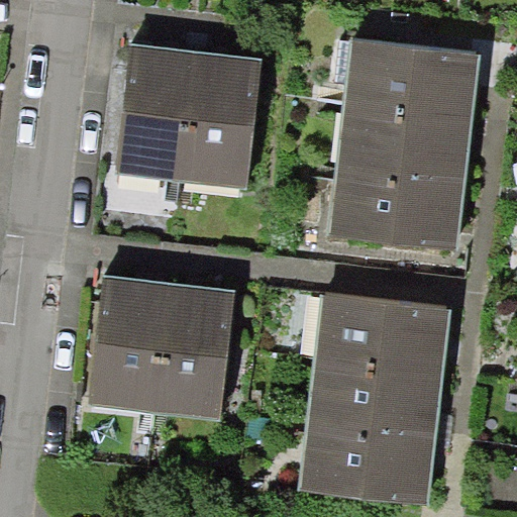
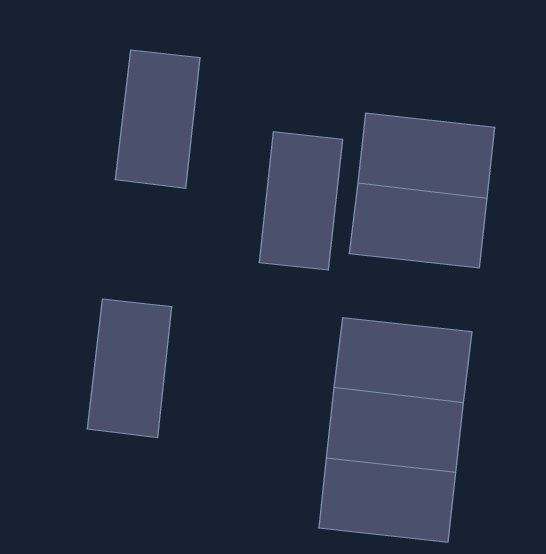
building: [348,40,476,118] -> none
building: [182,54,260,182] -> [259,132,343,270]
building: [156,285,234,413] -> none

